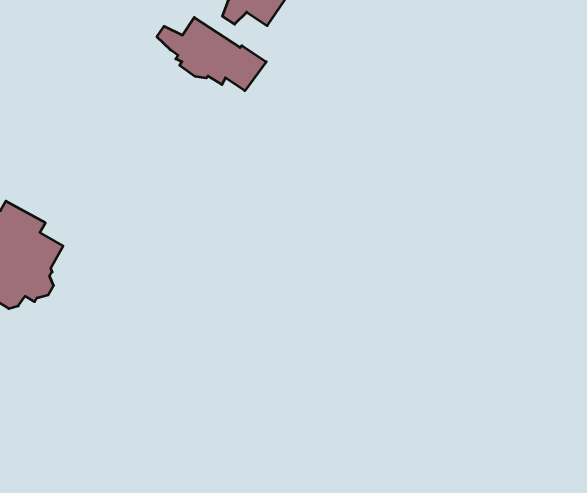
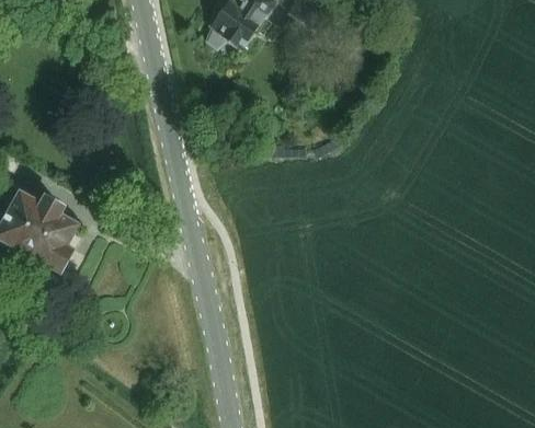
building: [157,17,266,91] -> none

